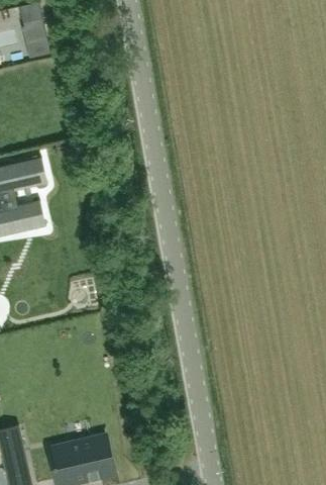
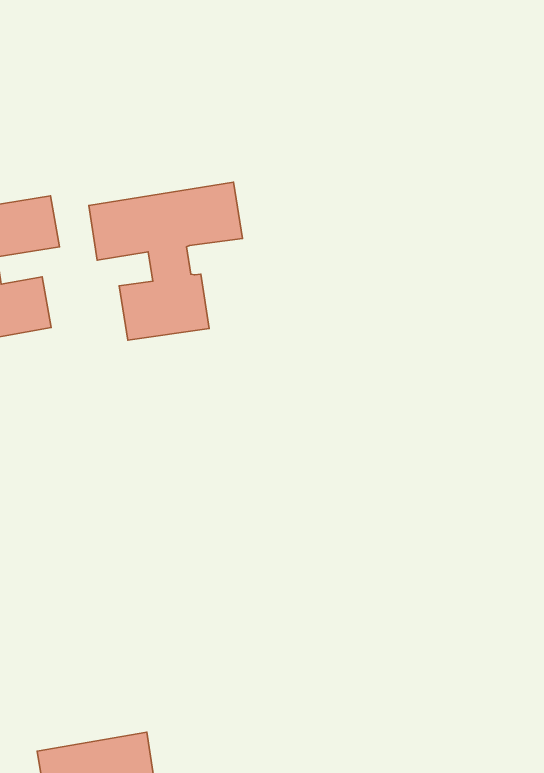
building: none -> [89,182,242,340]

